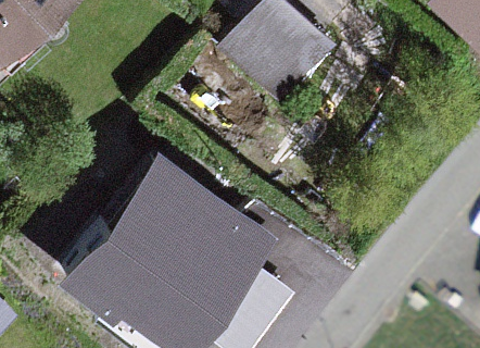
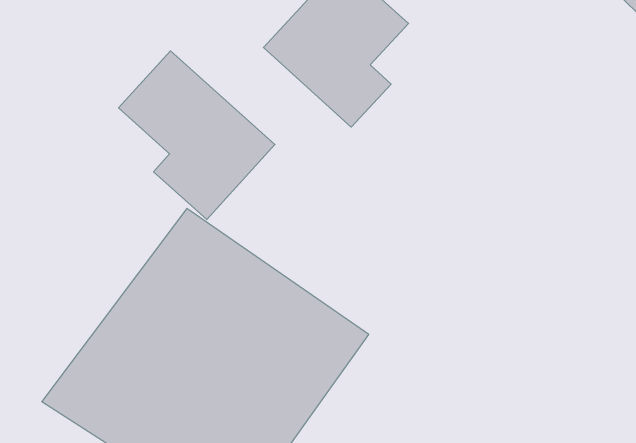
building: none -> [119,51,275,220]

